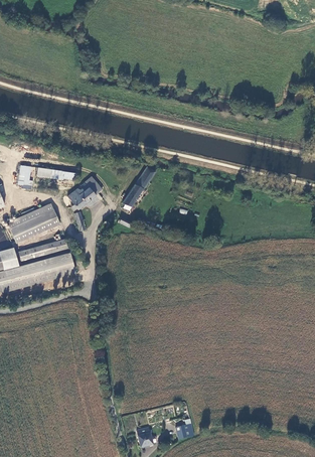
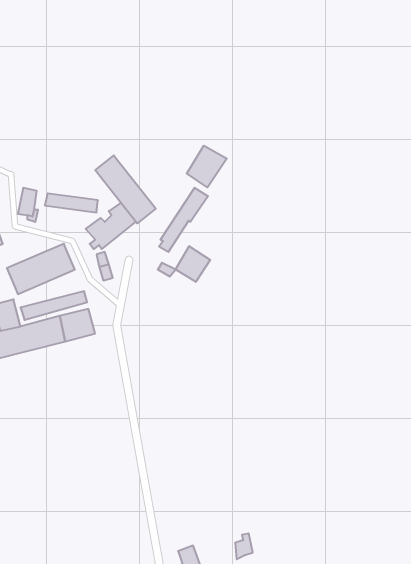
building: none -> [187,146,227,187]
building: none -> [95,155,156,223]
building: none -> [175,246,210,282]

